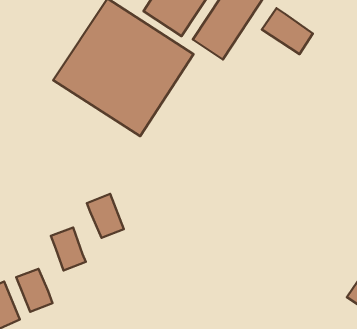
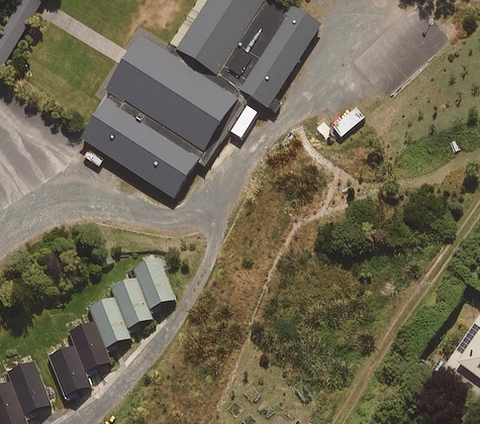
building: [262,8,313,54] -> none
building: none -> [96,285,136,334]
building: none -> [55,328,95,378]

